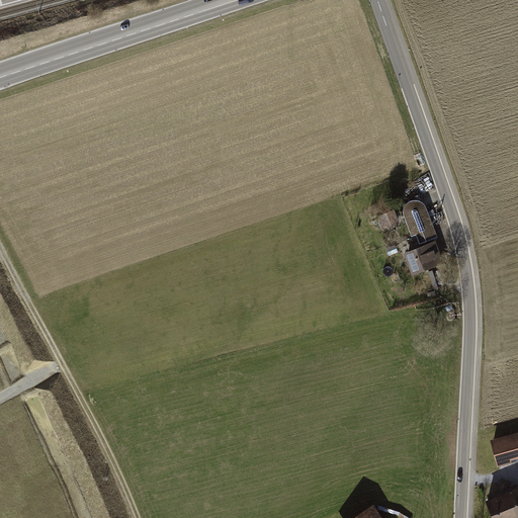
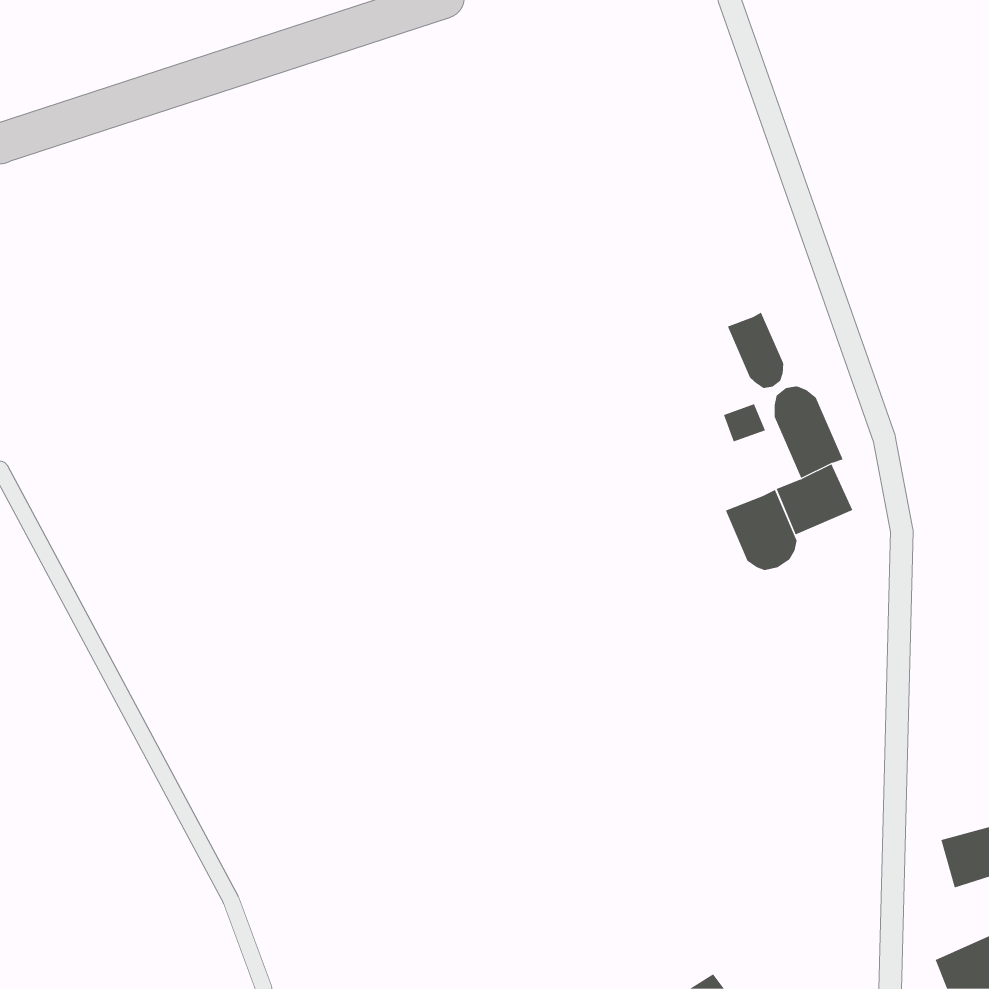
building: none -> [727,312,784,389]
building: none -> [725,489,797,571]

